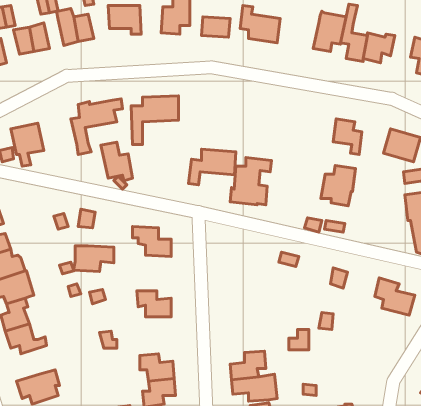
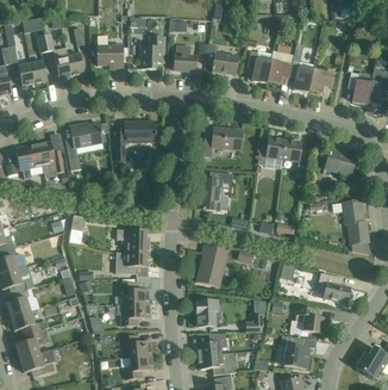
building: none -> [246,49,271,82]
building: [101,142,133,181] -> [37,140,63,172]
building: [189,149,236,185] -> [201,126,240,156]
building: [321,166,355,206] -> [256,136,284,169]
building: none -> [196,242,226,285]
building: [74,246,114,272] -> [114,252,148,273]
building: none -> [195,298,218,324]
building: none -> [115,303,148,324]
building: none -> [294,305,323,332]
building: none -> [14,327,48,357]
building: none -> [280,334,308,367]

